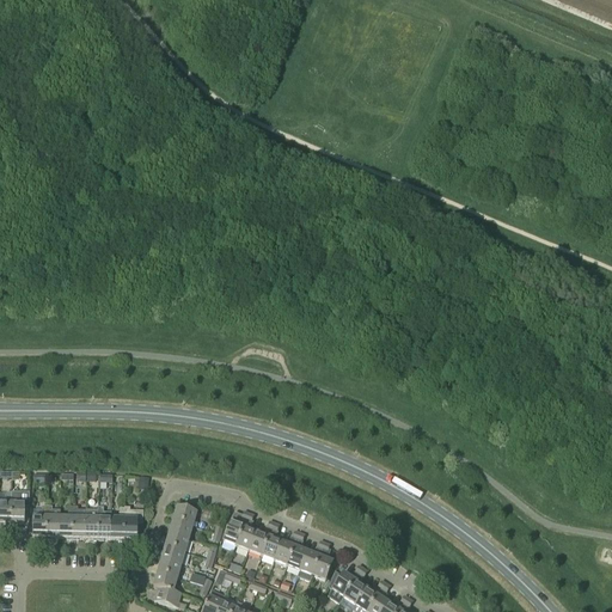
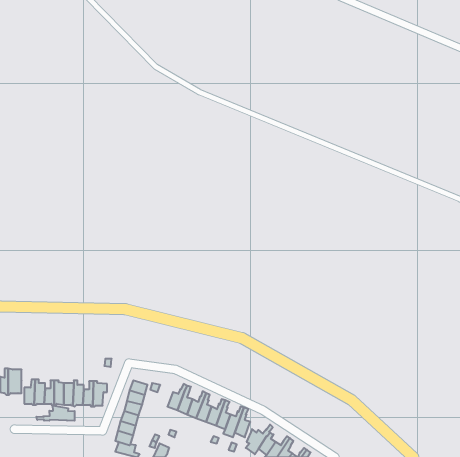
building: none -> [36,406,75,421]

